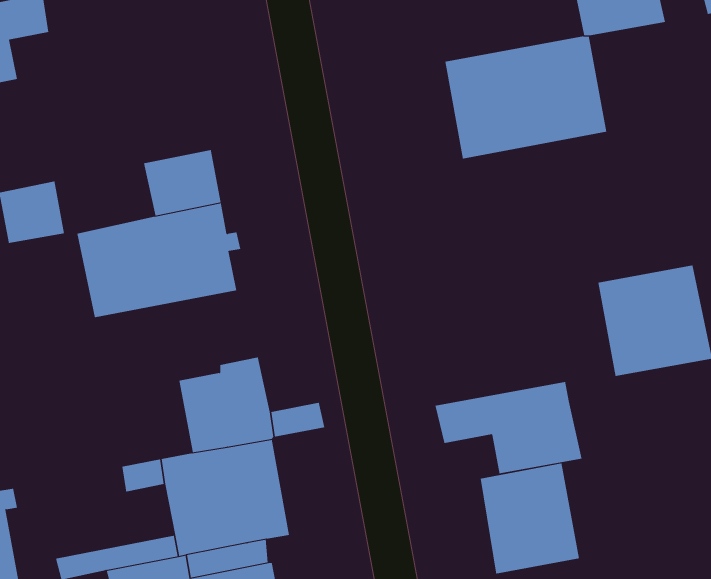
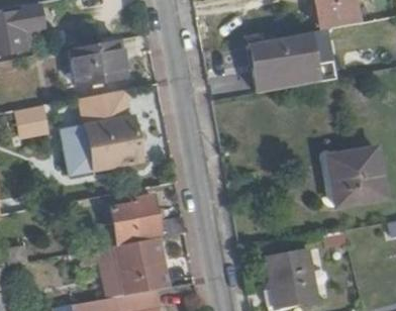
building: none -> [67,38,126,85]
building: [435,381,582,474] -> none

